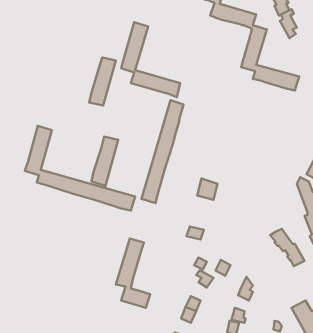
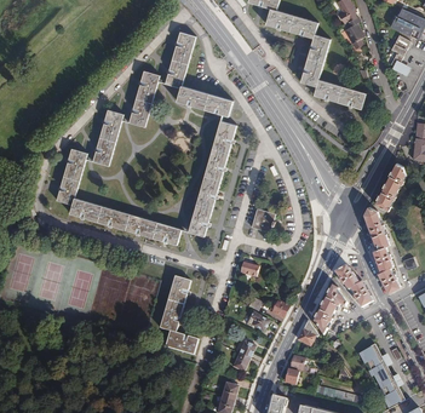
building: [91,137,118,186] -> [93,109,124,165]
building: none -> [314,285,348,333]

